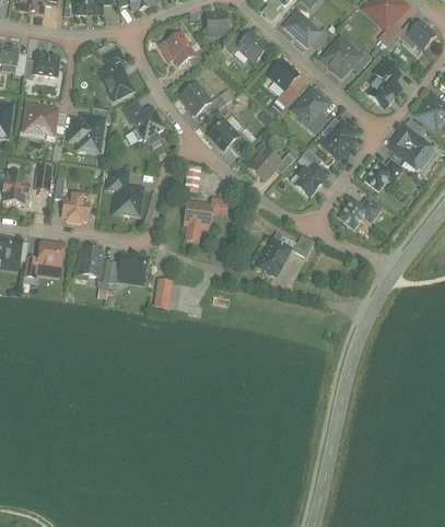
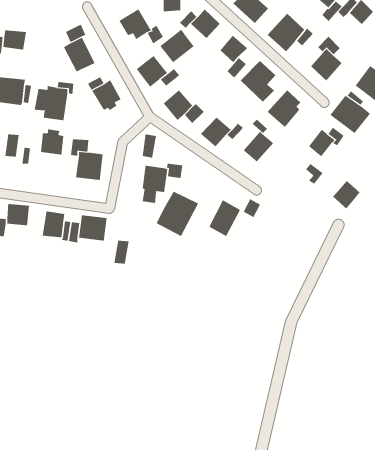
building: none -> [160,29,195,63]
building: [61,194,87,222] -> [40,129,64,155]
building: [338,198,368,230] -> [332,180,360,210]
building: none -> [156,191,199,237]

